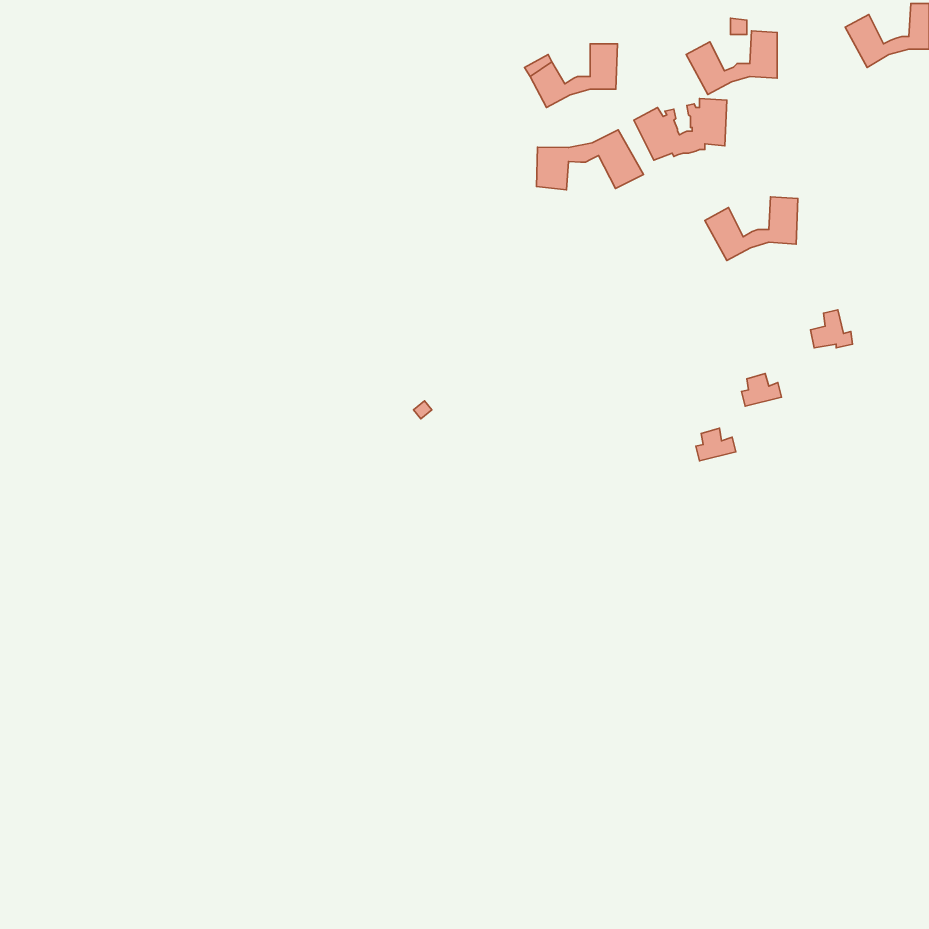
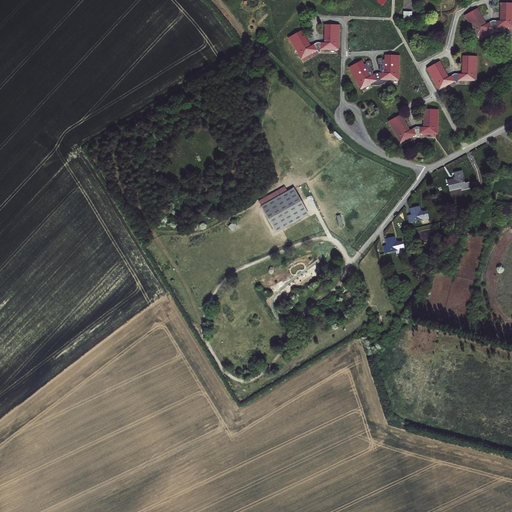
building: [686,31,777,95] -> [426,55,476,90]
building: [537,130,644,190] -> none
building: none -> [262,187,309,233]

